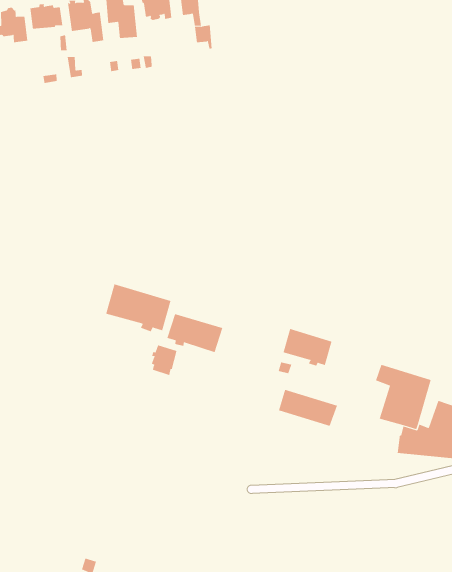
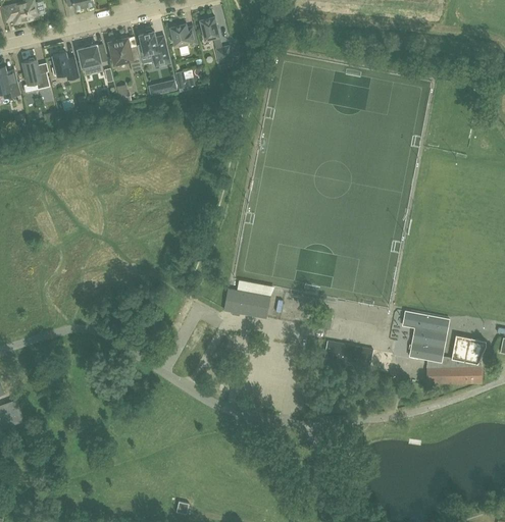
building: [106,284,171,332] -> none
building: [283,328,332,367] -> none
building: [151,345,177,376] -> none

